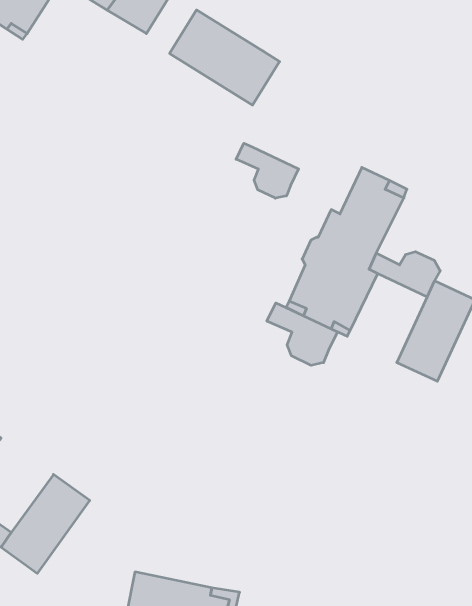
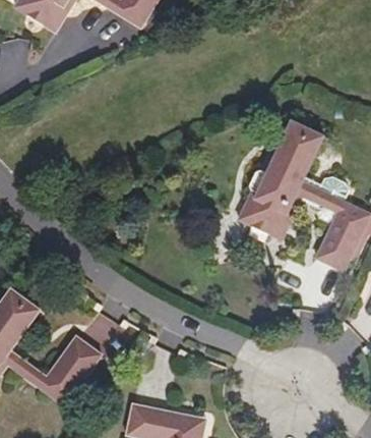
building: [170,10,280,105] -> none
building: [236,143,299,198] -> none
building: [267,303,337,365] -> none

